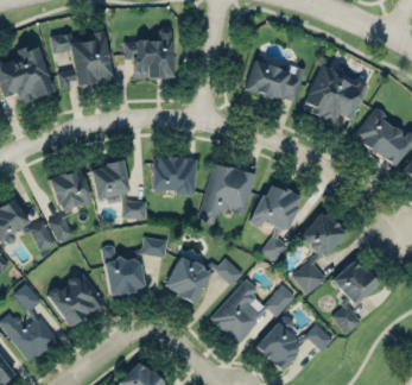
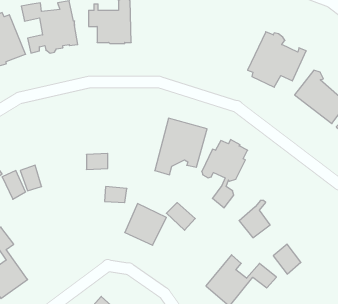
building: [245,59,308,101] -> none
building: [152,153,198,195] -> none
building: [90,159,129,200] -> none
building: [50,168,91,210] -> none
building: [300,213,347,257] -> none
building: [104,254,145,294] -> none
building: [332,258,378,304] -> none
building: [47,270,106,327] -> none
building: [209,277,294,343] -> none

